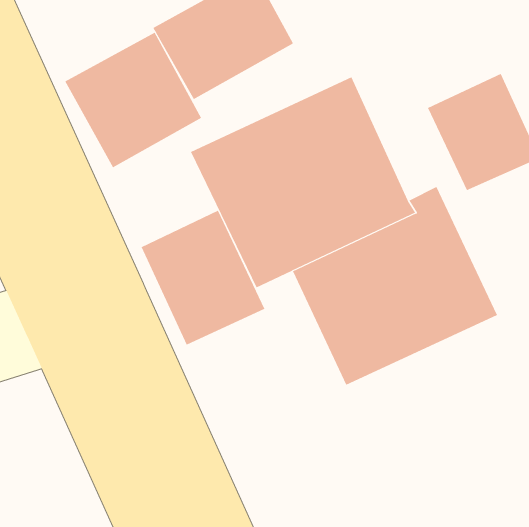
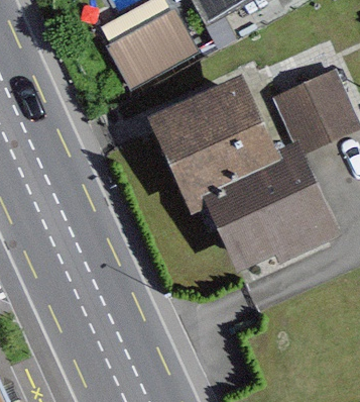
building: [65,32,202,168] -> none
building: [141,210,265,345] -> none

